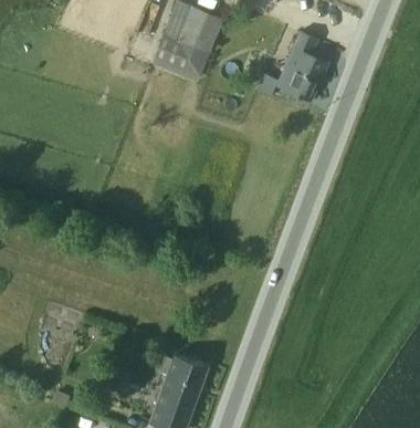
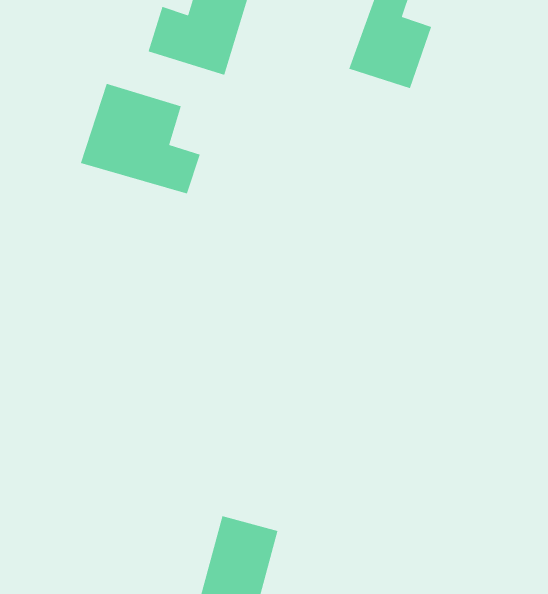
building: none -> [80,83,201,195]

